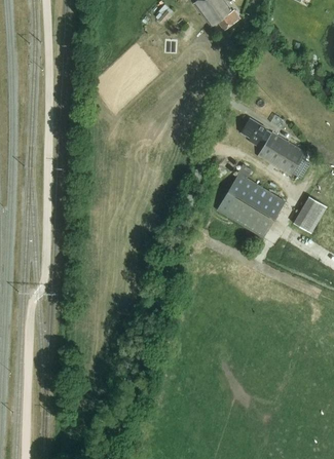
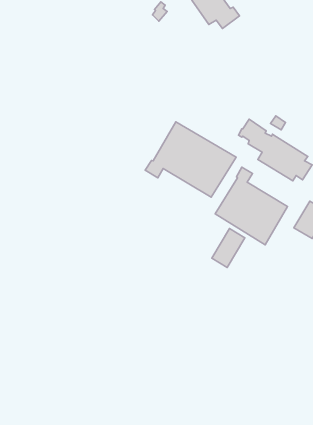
building: none -> [145,122,236,197]
building: none -> [212,228,245,267]

